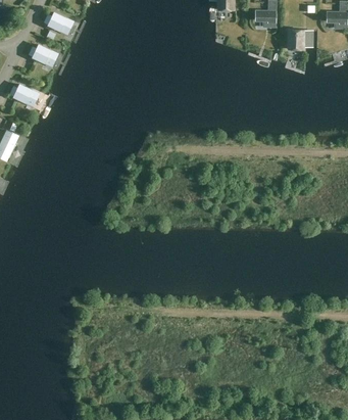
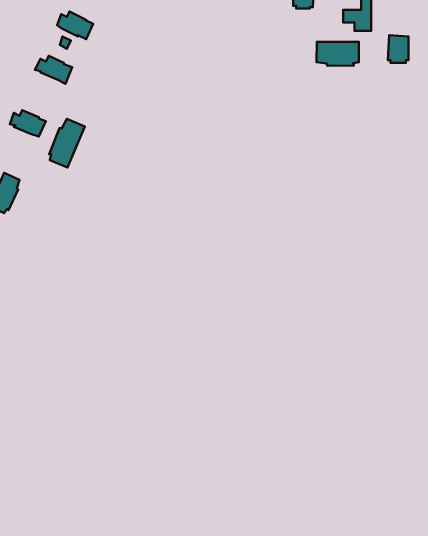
building: none -> [317,42,359,66]
building: none -> [49,119,85,168]

